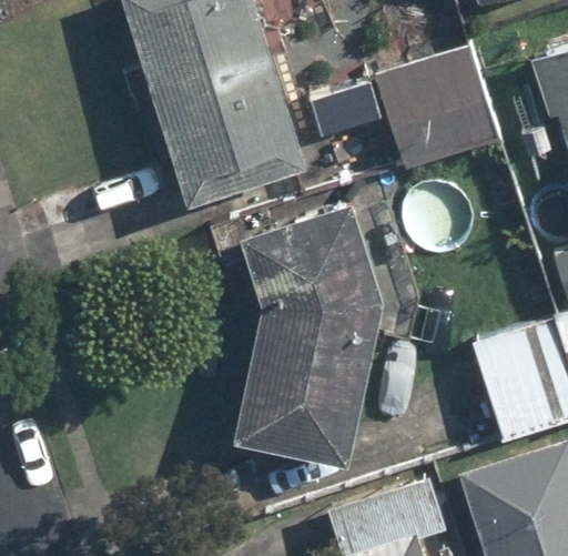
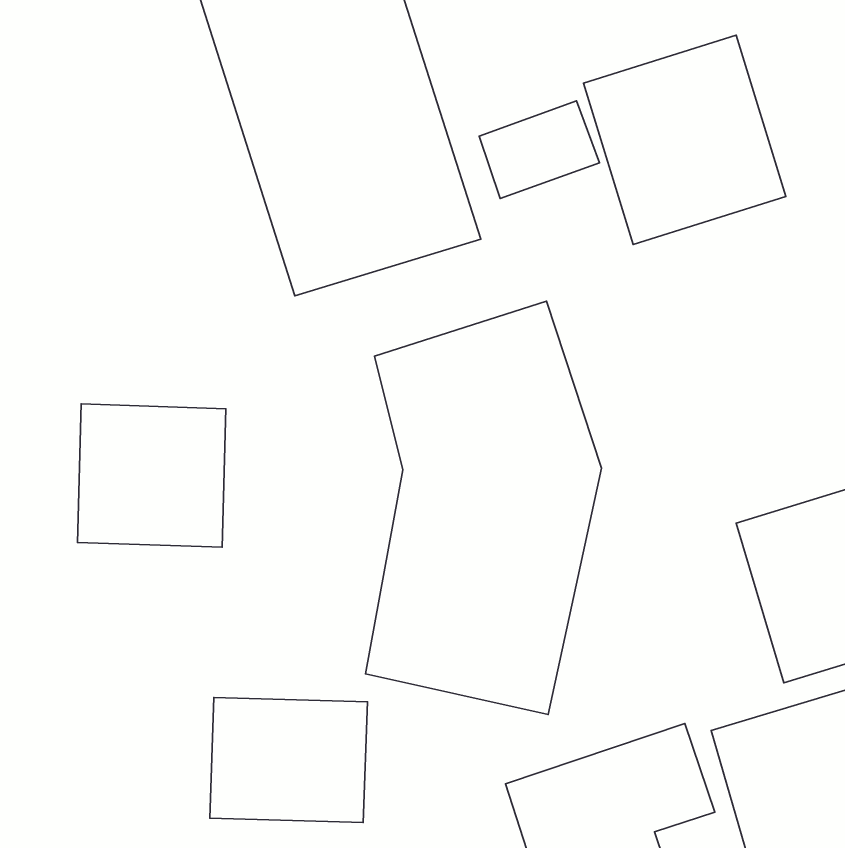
building: none -> [77,404,226,547]
building: none -> [210,697,367,822]

